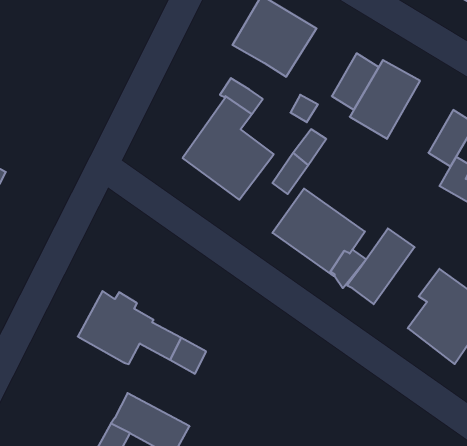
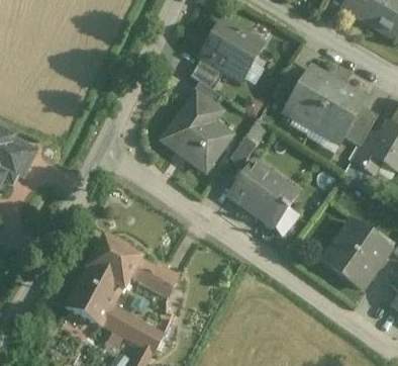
building: none -> [189,56,222,88]
building: none -> [312,82,364,140]
building: [347,228,415,304] -> none
building: none -> [66,269,122,329]

